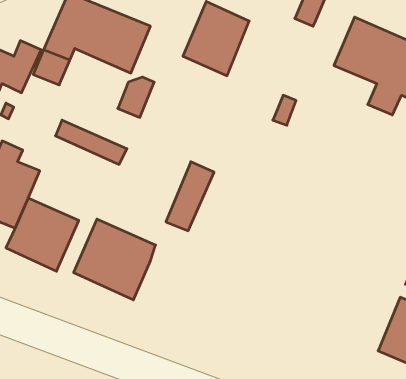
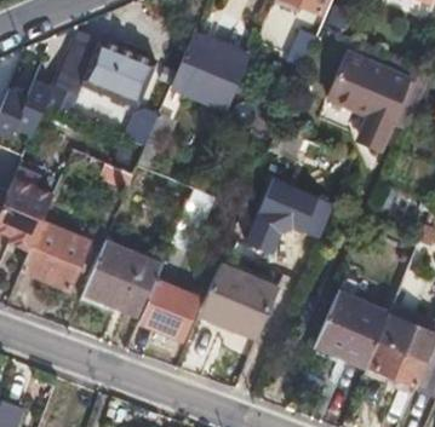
building: none -> [240,180,328,255]
building: none -> [199,262,275,336]
building: none -> [137,279,198,340]
building: none -> [315,292,388,363]

